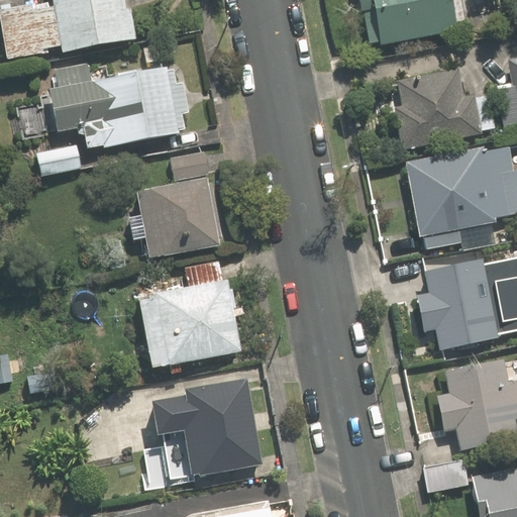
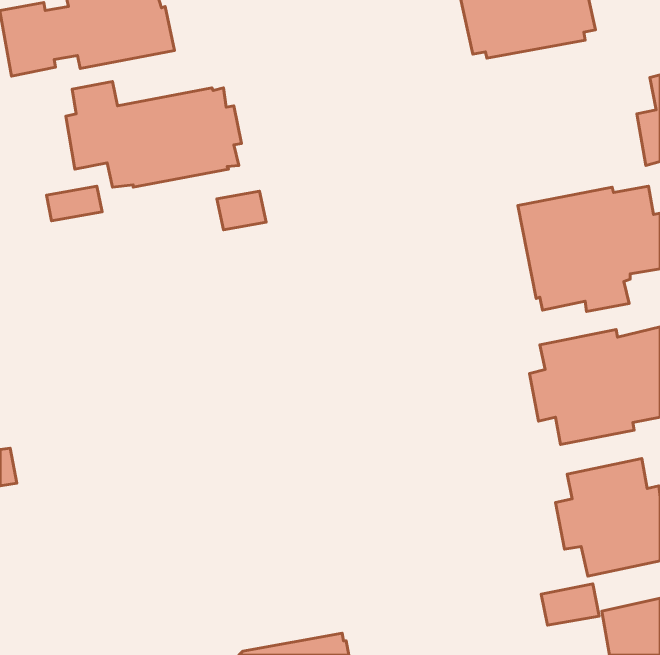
building: [394,71,494,147] -> none
building: [129,179,223,258] -> none
building: [138,261,241,370] -> none
building: [151,382,262,478] -> none

